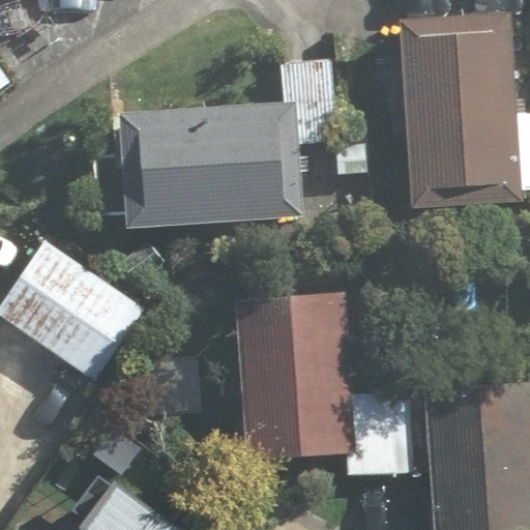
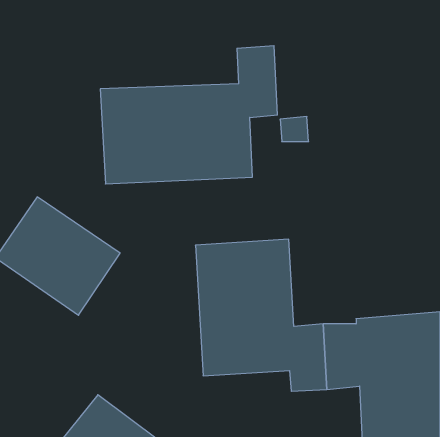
building: [402,11,523,209] -> none

